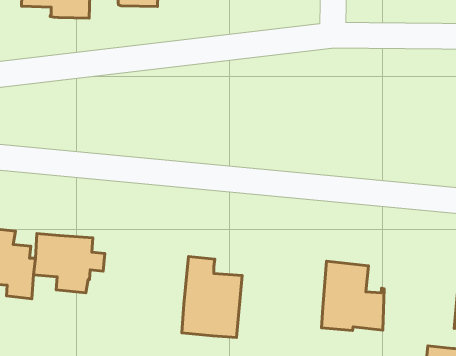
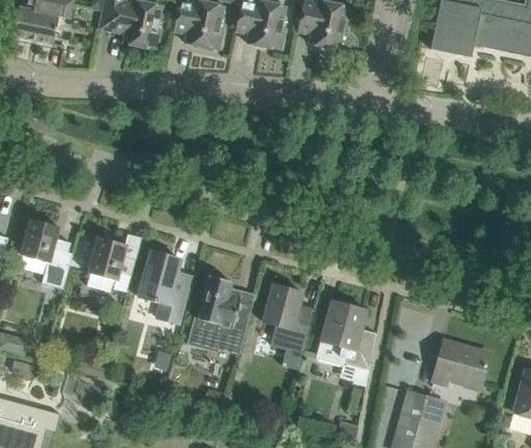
building: none -> [138,250,190,323]
building: none -> [262,283,310,354]

